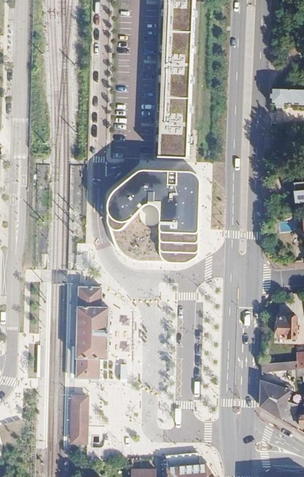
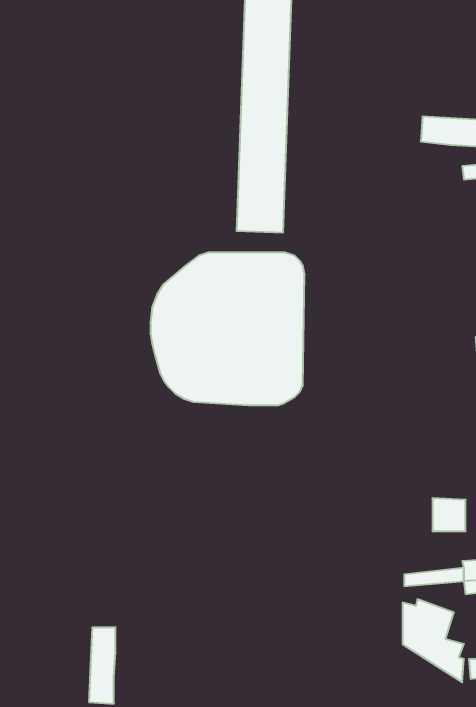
building: [75,286,108,378] -> none

